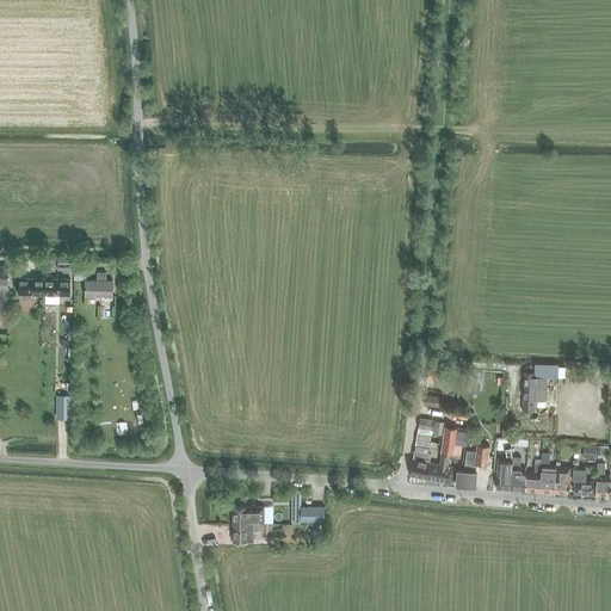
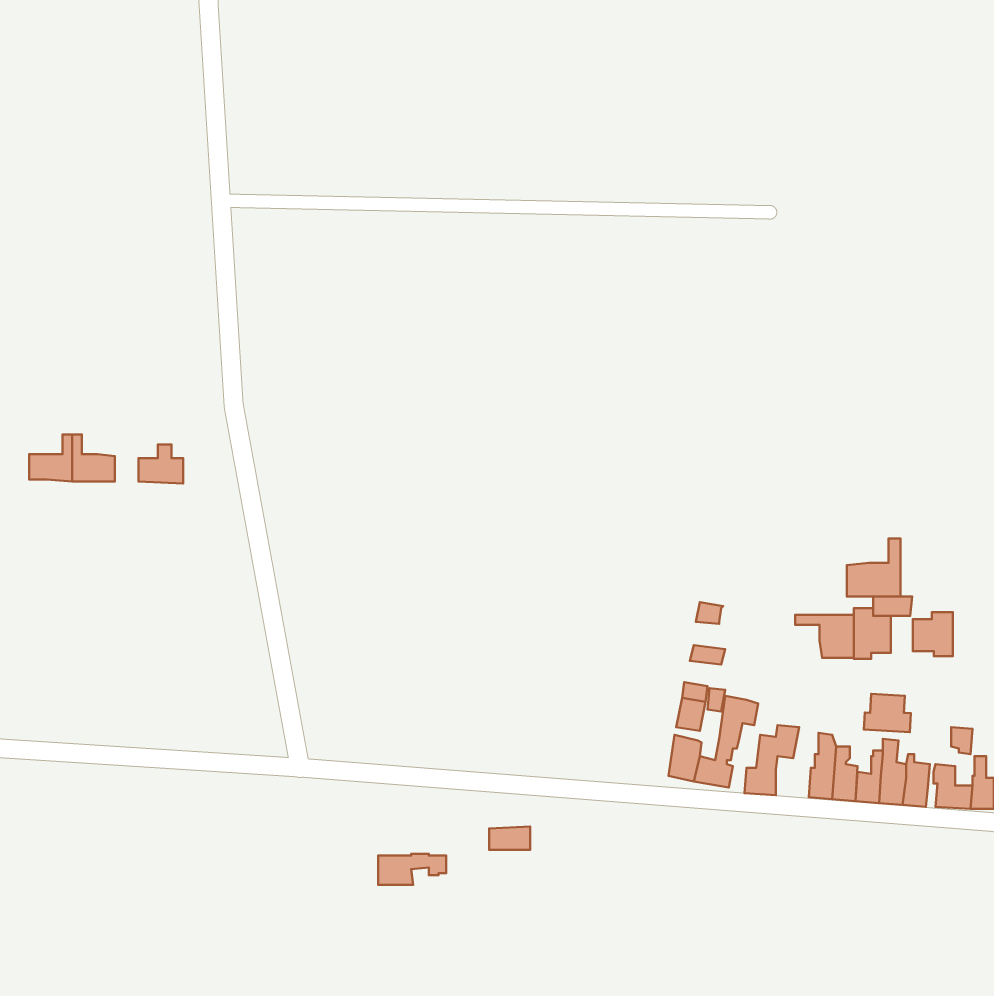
building: none -> [847,539,901,596]
building: none -> [913,612,953,656]
building: none -> [795,615,854,658]
building: none -> [864,694,911,732]
building: [233,506,265,524] -> none

